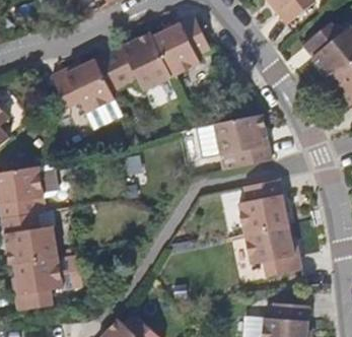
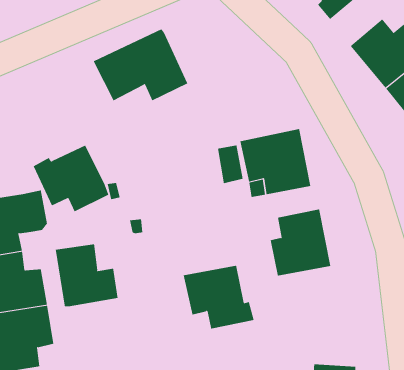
building: [153,15,209,76] -> none
building: [53,58,115,113] -> [33,145,109,212]
building: none -> [55,243,118,307]
building: [244,224,302,276] -> [183,265,254,329]

